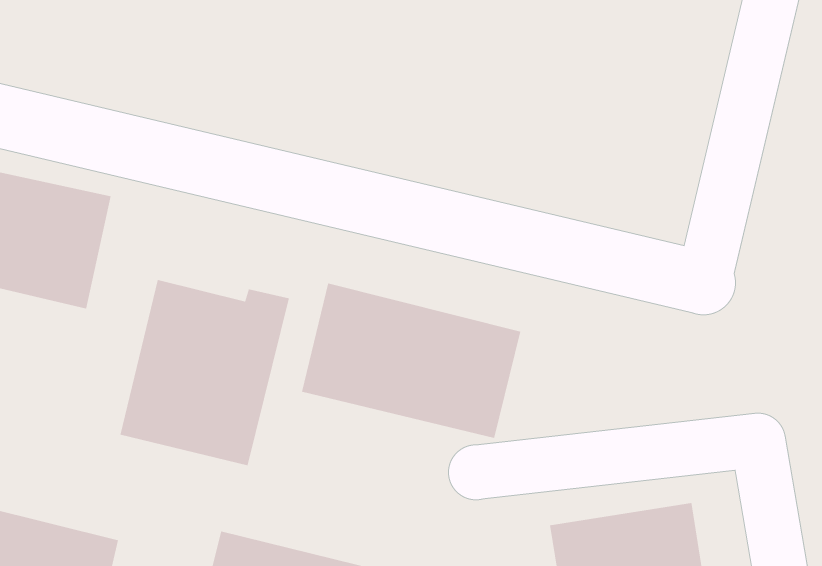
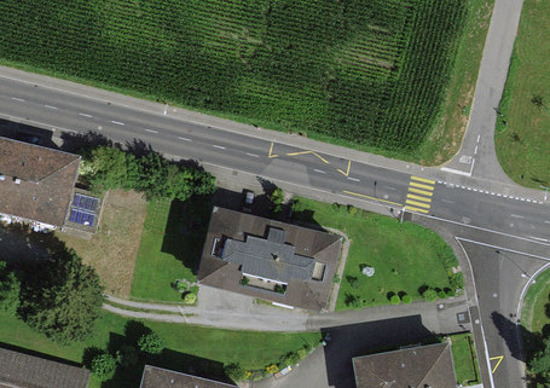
building: [120,279,289,466] -> none

